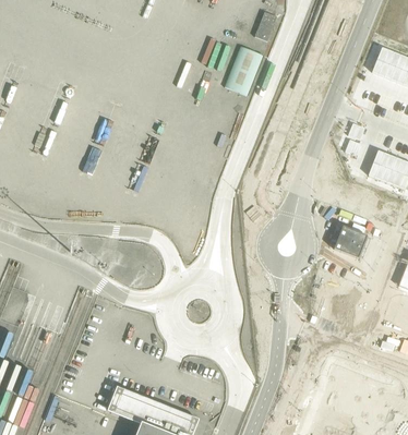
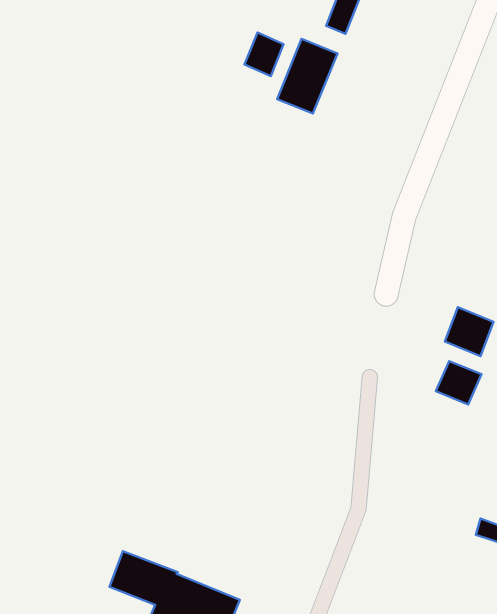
building: none -> [244,33,284,76]
building: none -> [436,361,481,405]

